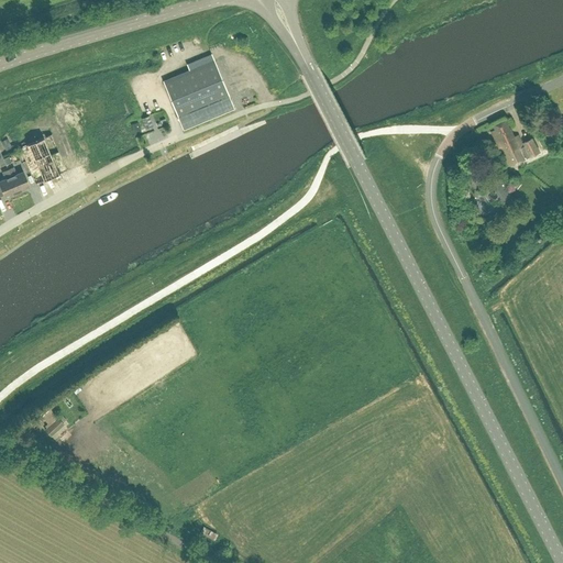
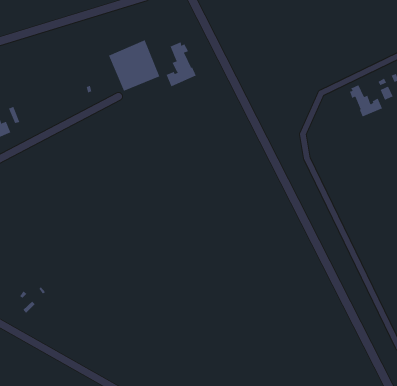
building: none -> [166,42,197,87]

